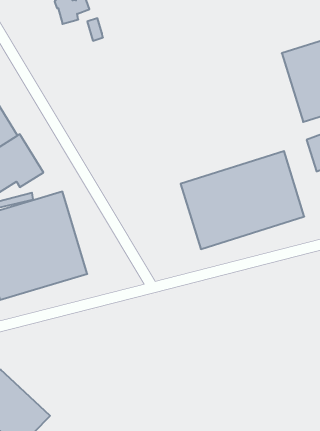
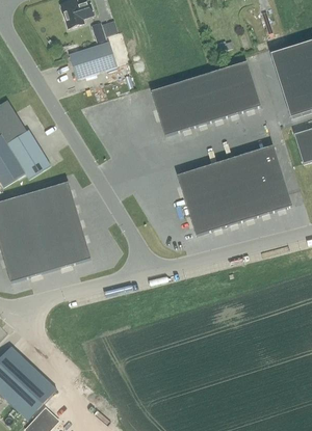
building: none -> [69,41,118,79]
building: none -> [152,61,261,135]

